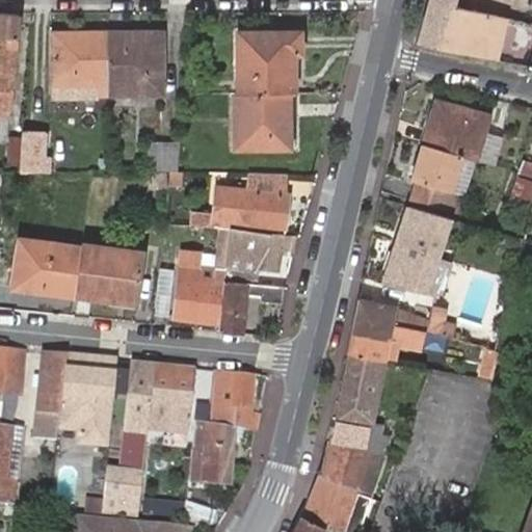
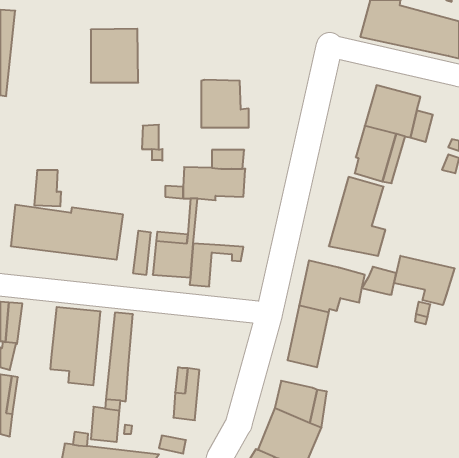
building: [236,33,299,95] -> none
building: [50,35,105,97] -> none
building: [20,131,51,172] -> [34,170,61,206]
building: [223,231,293,285] -> none
building: none -> [394,256,455,305]
building: [37,354,65,427] -> none
building: [149,365,195,427] -> none
building: [213,372,255,431] -> none
building: [325,418,367,450] -> none

